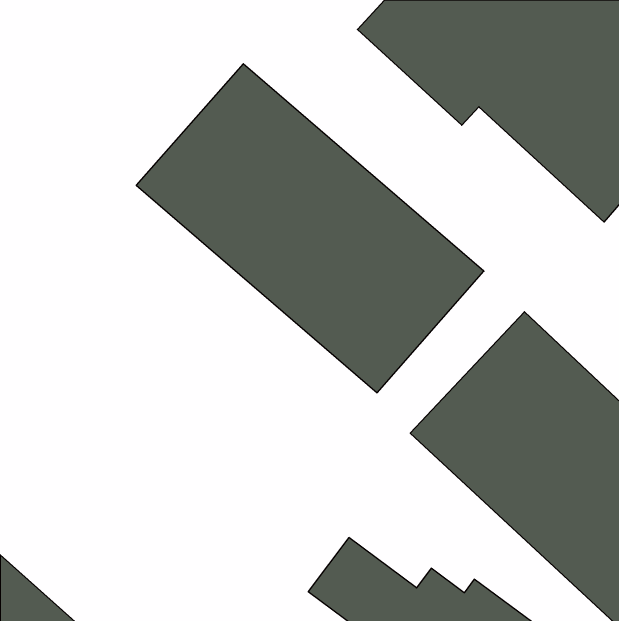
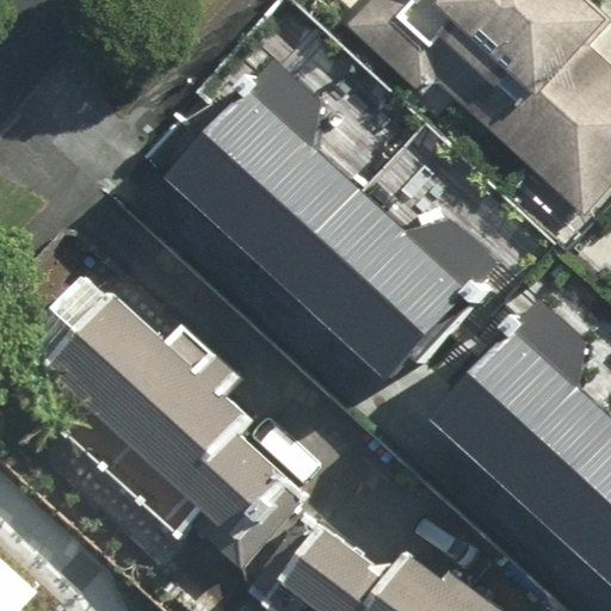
building: none -> [70,292,325,549]

